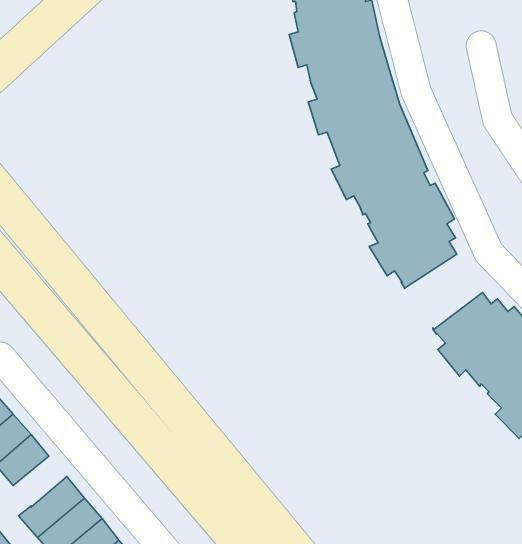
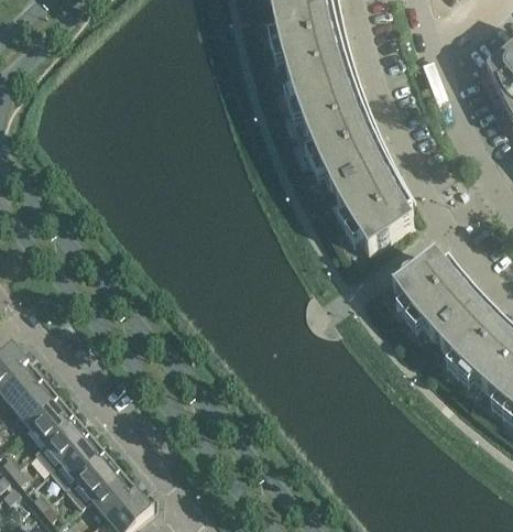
building: none -> [29,400,75,444]

